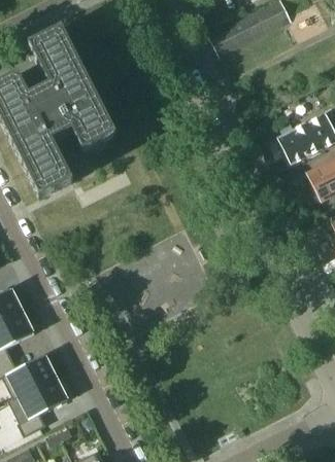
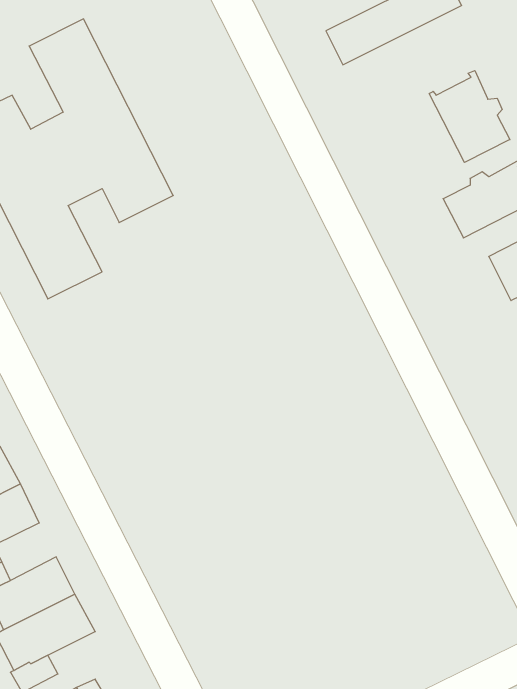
building: none -> [429,71,510,162]

